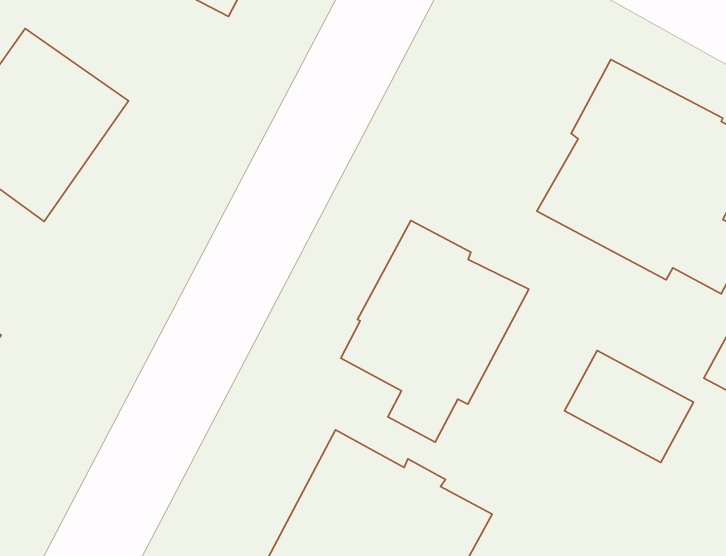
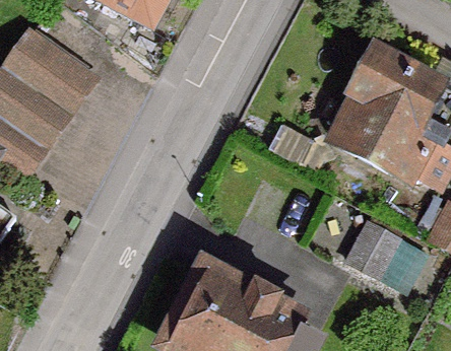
building: [341,221,529,442] -> none

